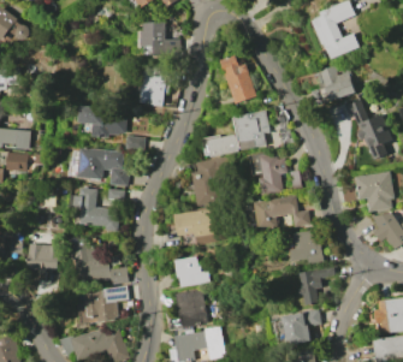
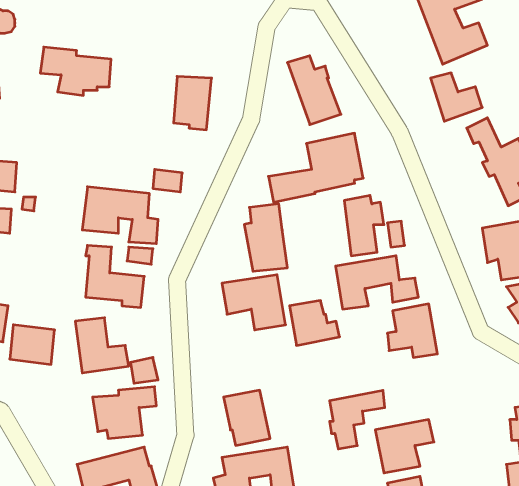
building: [141,22,178,55] -> none
building: [78,105,128,138] -> [40,47,111,95]
building: [173,256,208,287] -> [290,301,340,345]
building: [298,265,337,305] -> [330,390,385,449]

